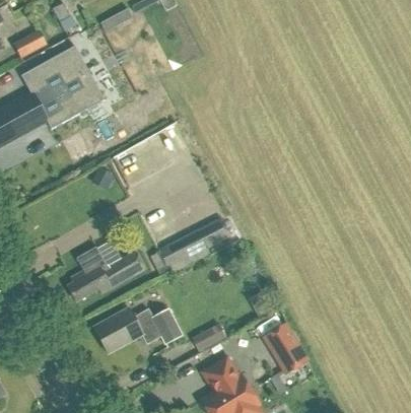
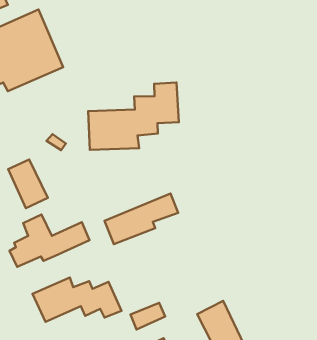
building: none -> [88,82,179,150]
building: none -> [8,159,48,208]

